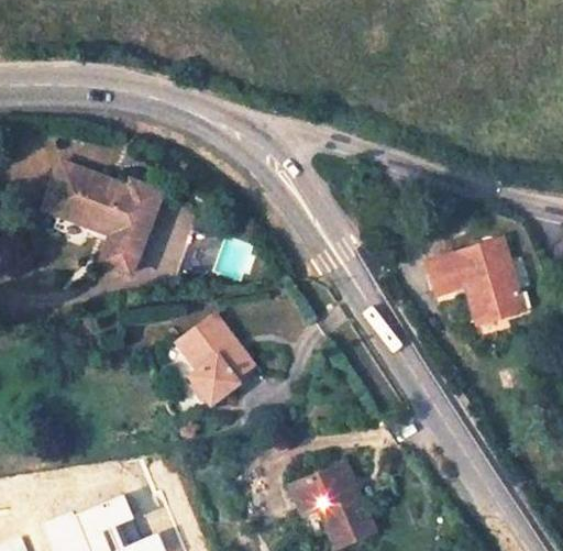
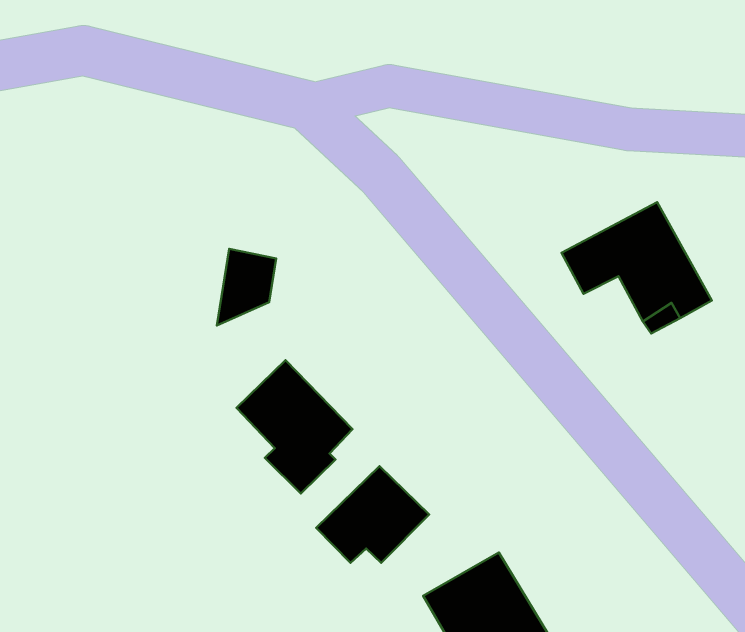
building: [47,162,165,272] -> none
building: none -> [316,466,429,563]

